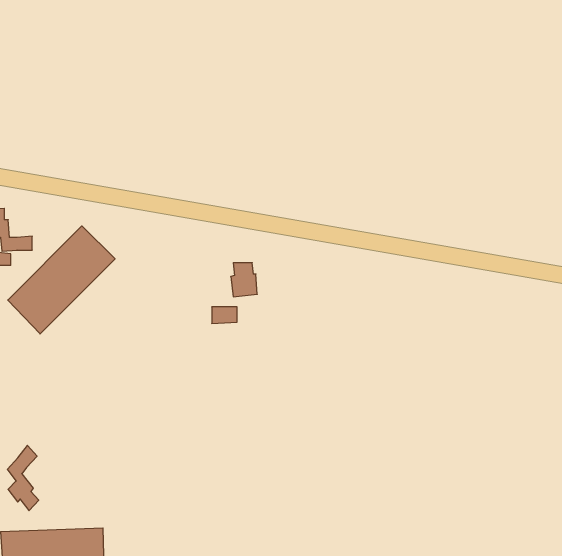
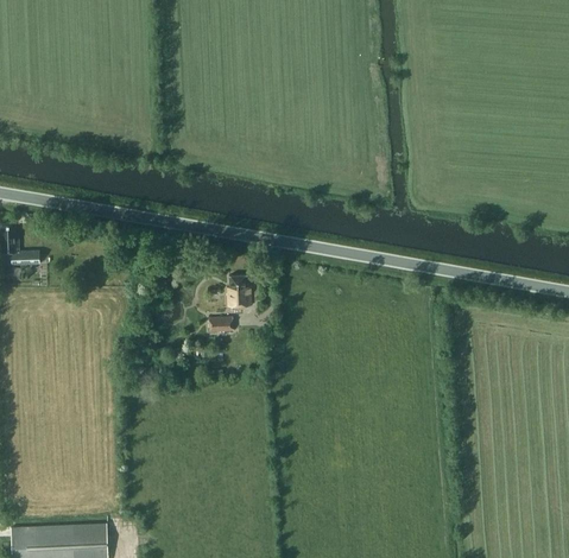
building: [8,226,115,334] -> none
building: [7,445,39,511] -> none

